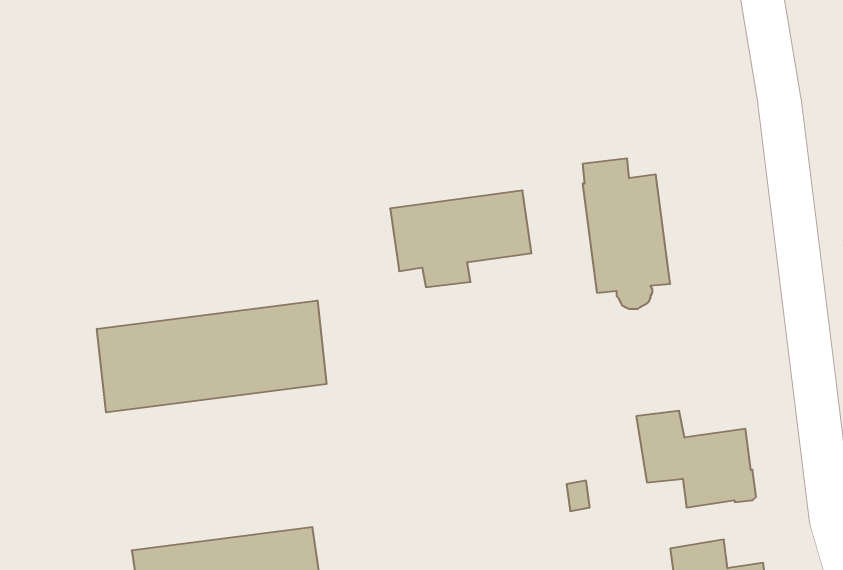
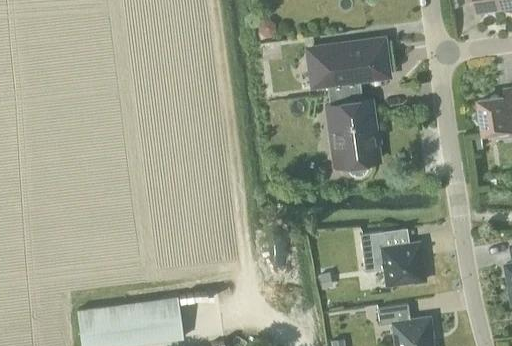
building: [390,191,531,287] -> [309,40,388,94]
building: [97,300,327,412] -> none

